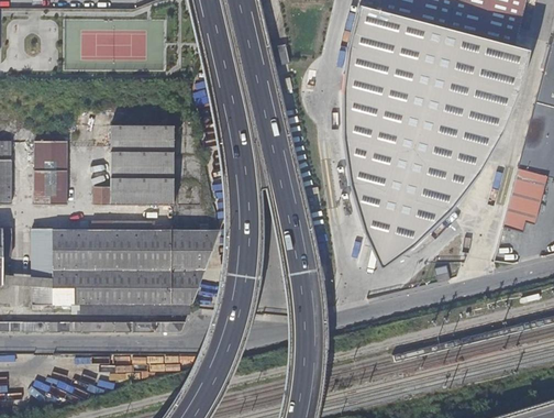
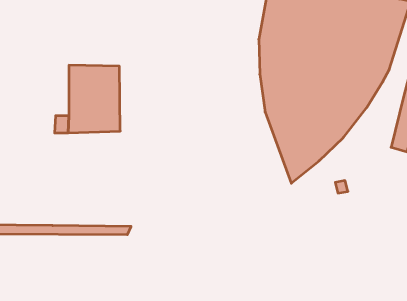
building: [35,131,68,204] -> none
building: [32,220,222,304] -> none

